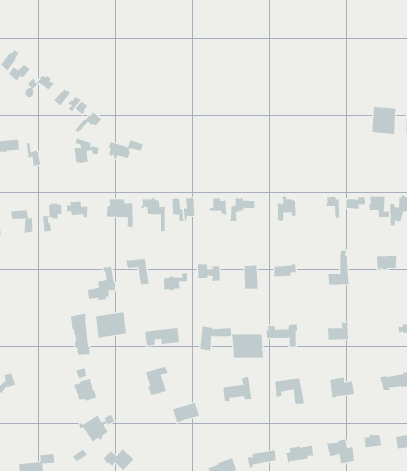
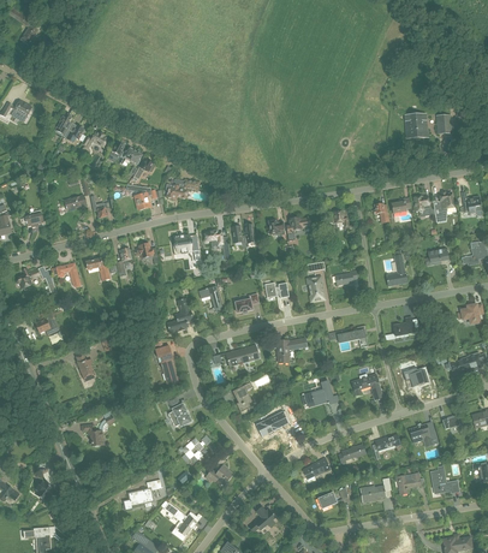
building: [95,312,127,338] -> none
building: [232,333,263,359] -> none

